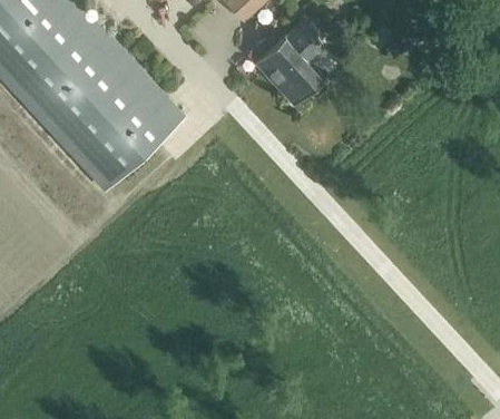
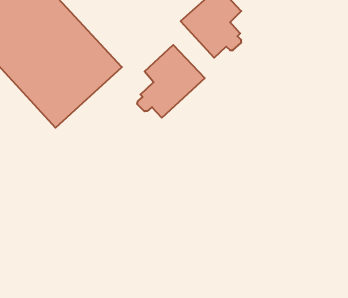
building: none -> [137,45,205,118]

